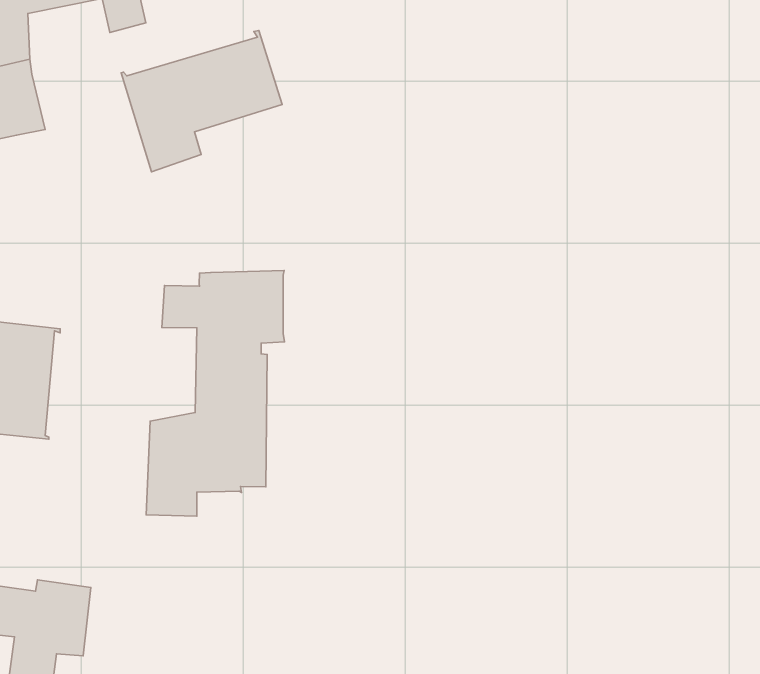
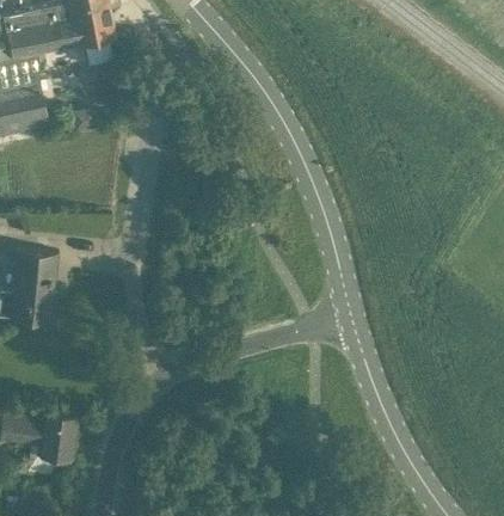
building: [121,30,282,172] -> none
building: [146,271,284,516] -> none

